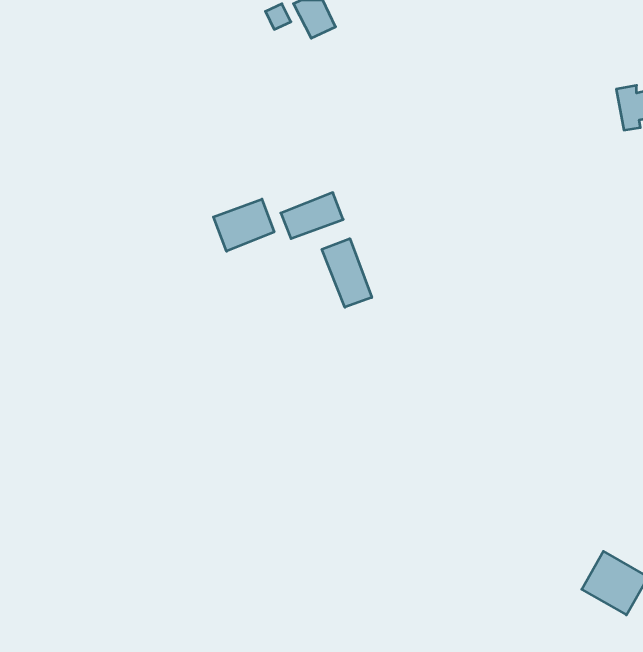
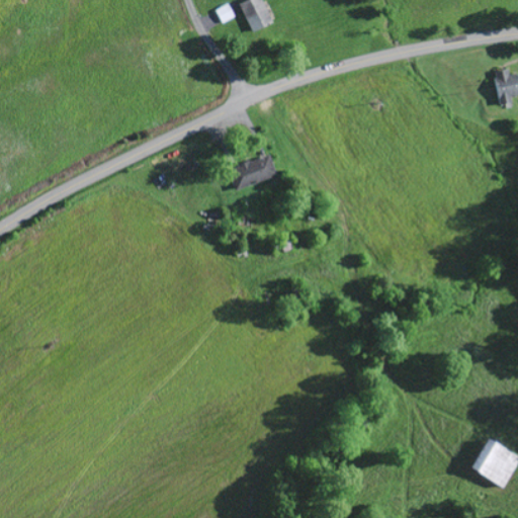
building: [213,199,274,251] -> none
building: [322,239,372,307] -> none

